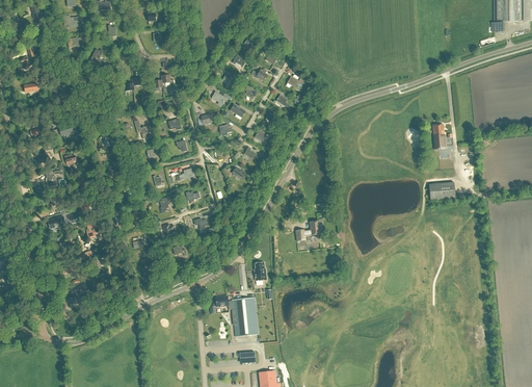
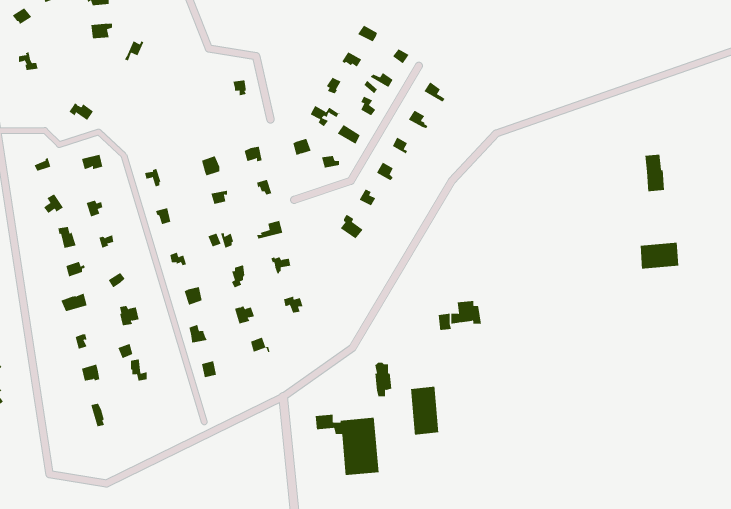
building: none -> [411,386,439,435]

